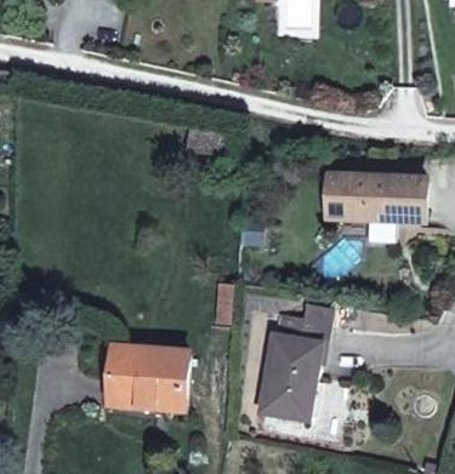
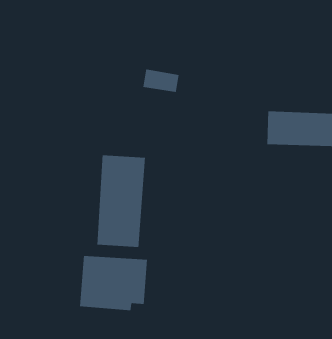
building: none -> [97,154,145,248]
building: [261,305,334,423] -> none

